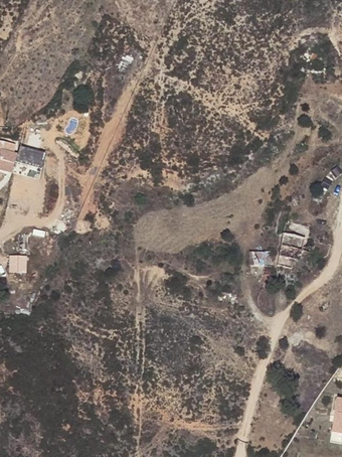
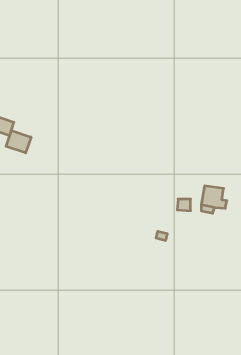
building: none -> [6,131,31,153]

